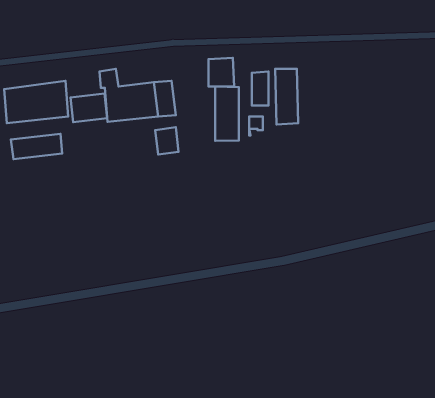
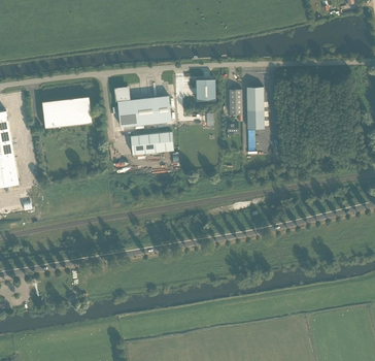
building: [215,86,239,141] -> none
building: [71,94,107,122] -> [130,133,158,155]
building: [11,134,62,159] -> none

